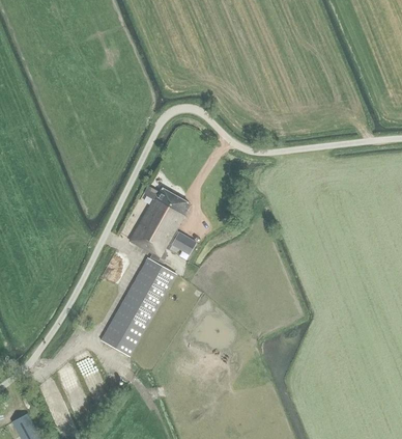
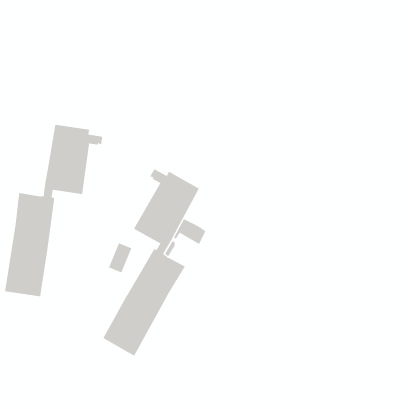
building: none -> [5,124,103,297]

